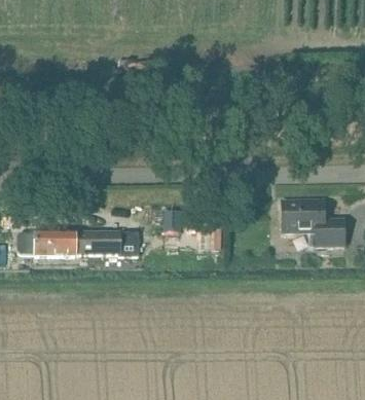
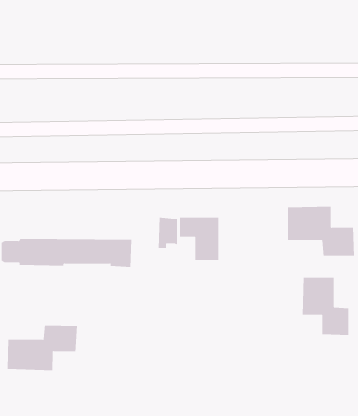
building: none -> [302,277,349,336]
building: none -> [7,325,78,371]

